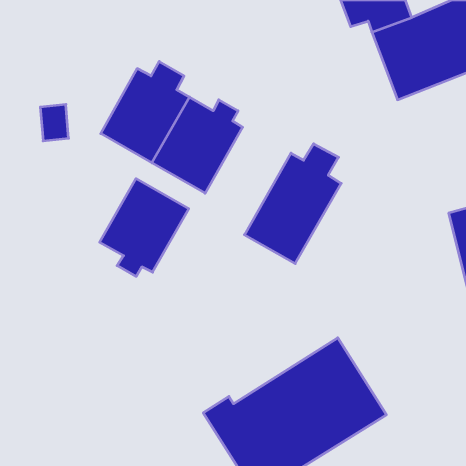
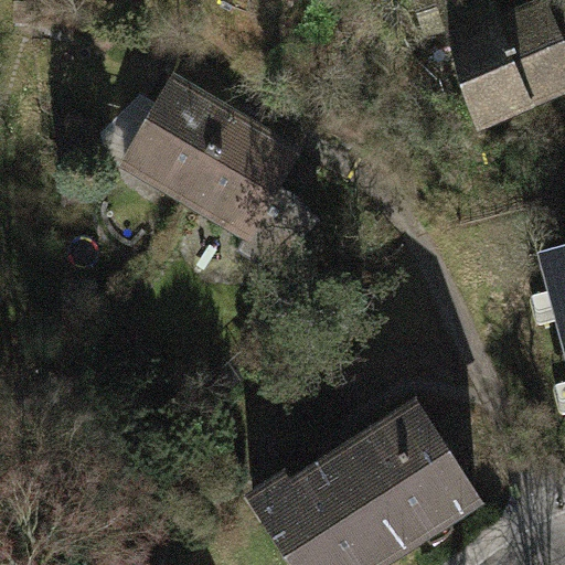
building: [244,144,341,264] -> none
building: [100,179,189,276] -> none

